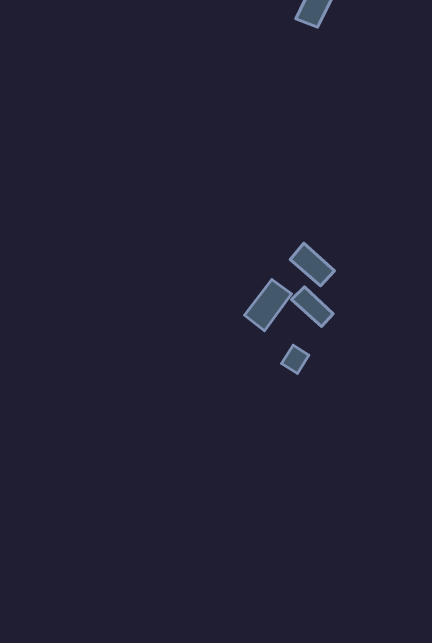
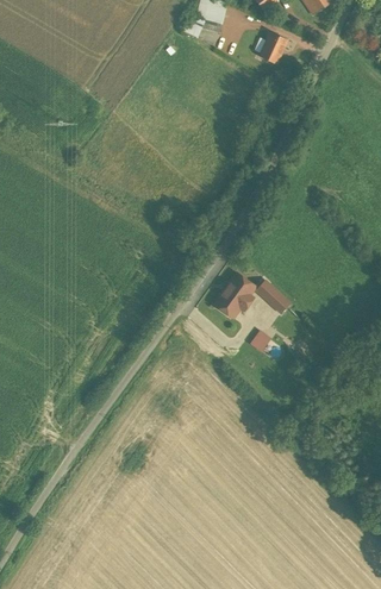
building: [290,243,335,286] -> none

